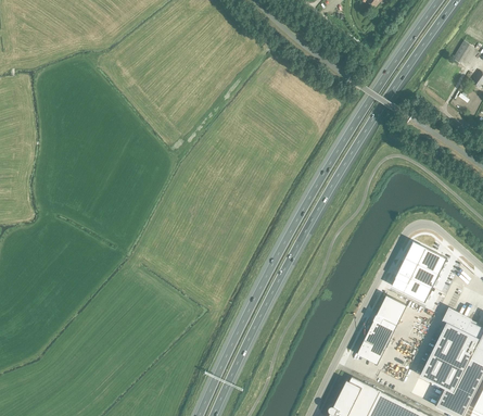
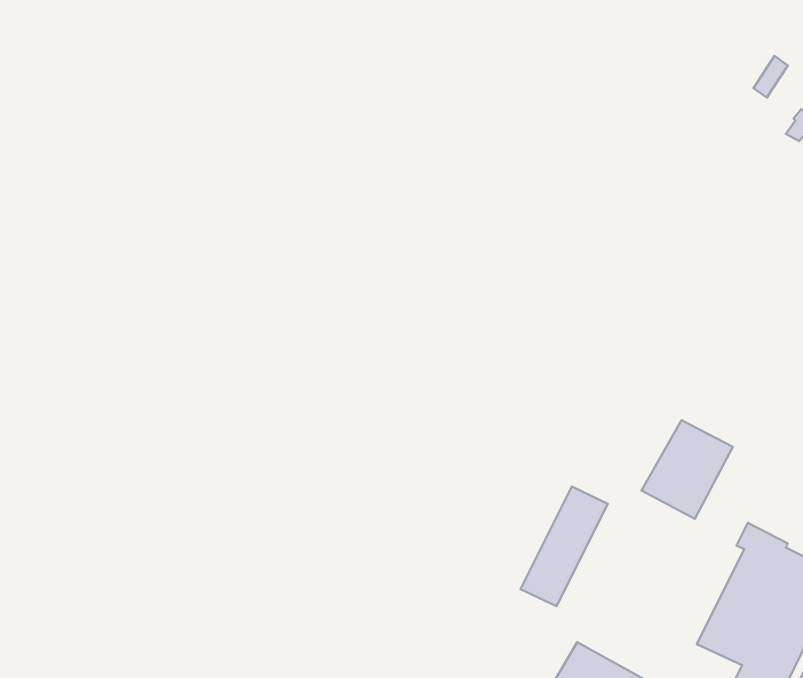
building: [356,297,406,365] -> [521,487,608,606]

